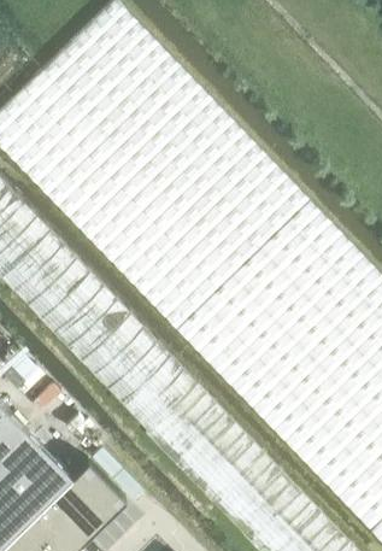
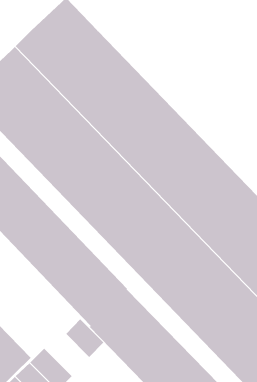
building: none -> [65,318,104,358]

